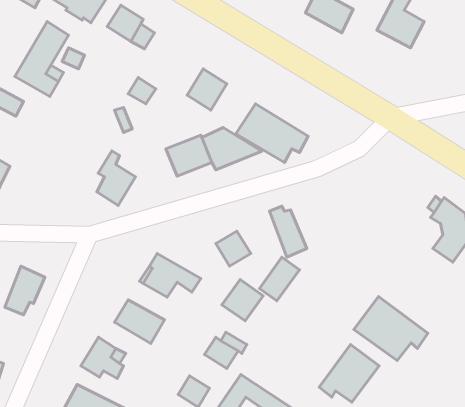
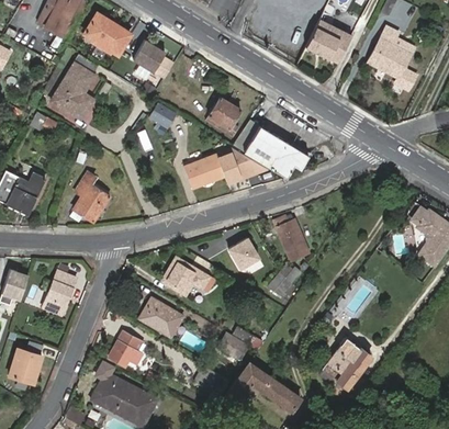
building: [97,151,136,206] -> [75,173,109,222]
building: [222,280,263,321] -> none
building: [354,296,428,361] -> none

